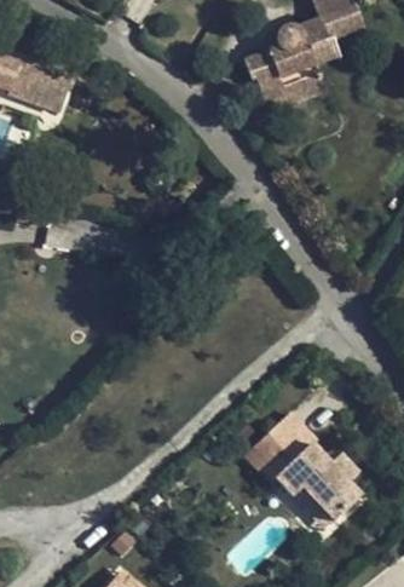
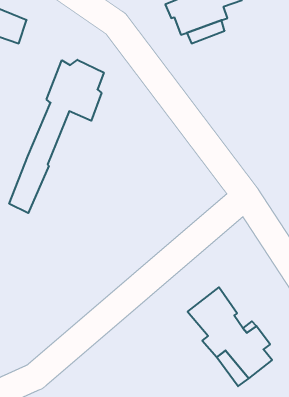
building: none -> [9,60,104,213]

